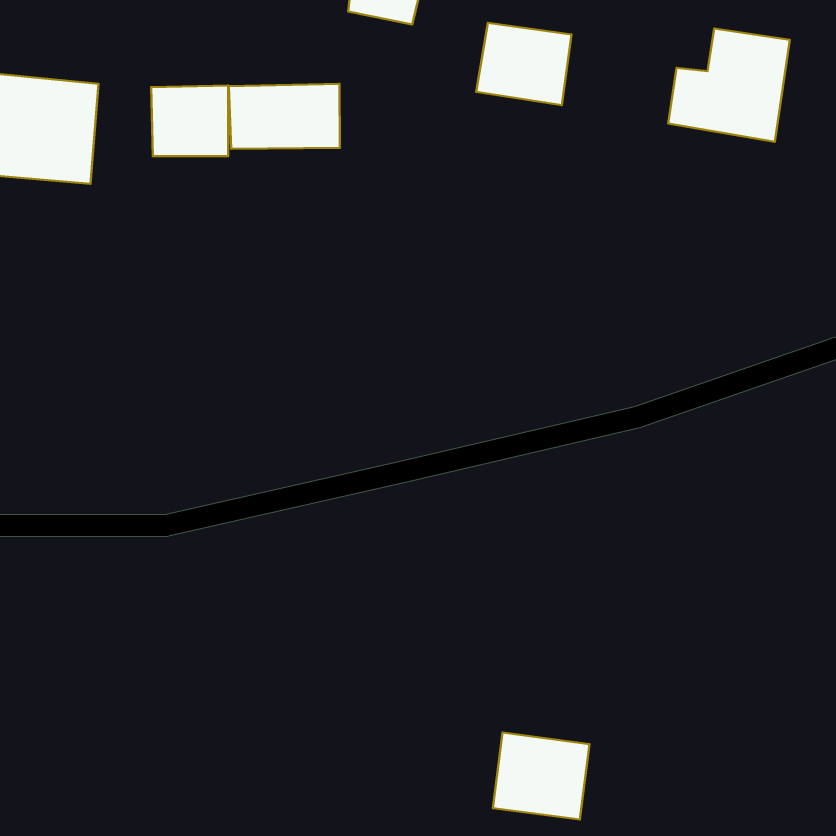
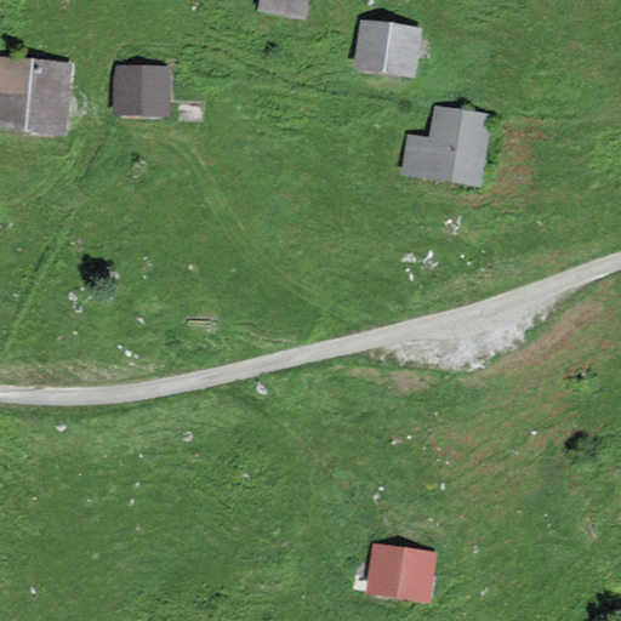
building: [668,28,790,142] -> [400,104,490,188]
building: [229,84,340,149] -> none

